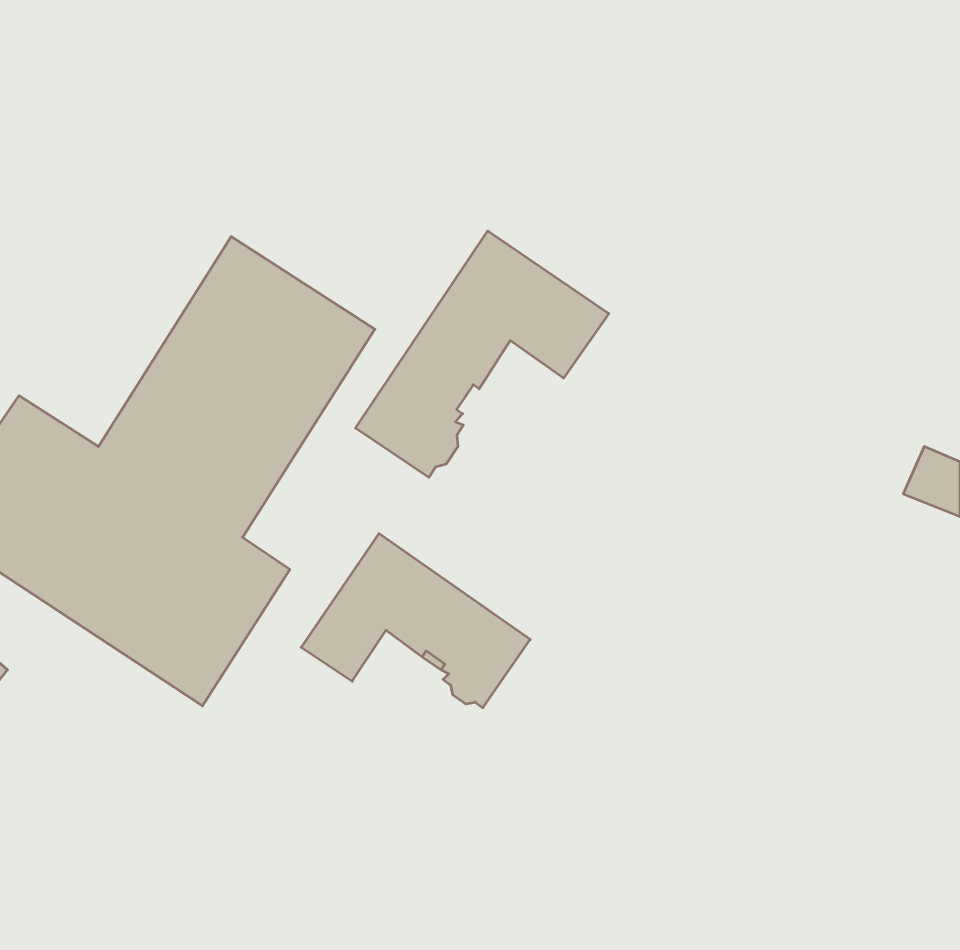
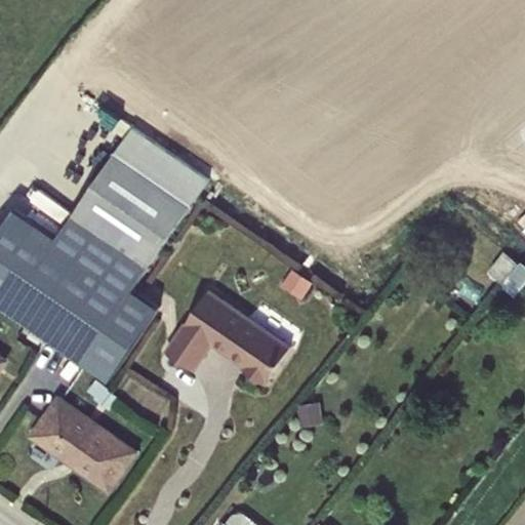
building: [356,231,609,477] -> none
building: none -> [34,402,134,493]

